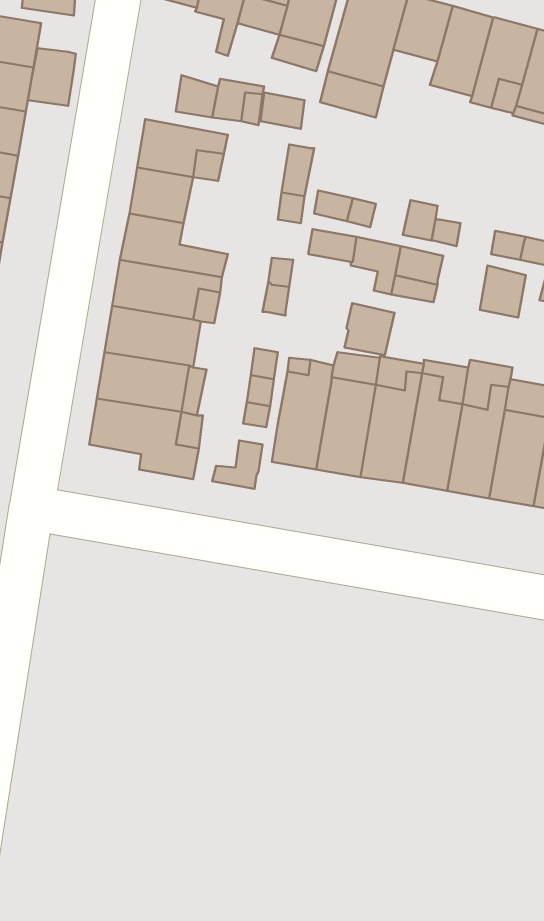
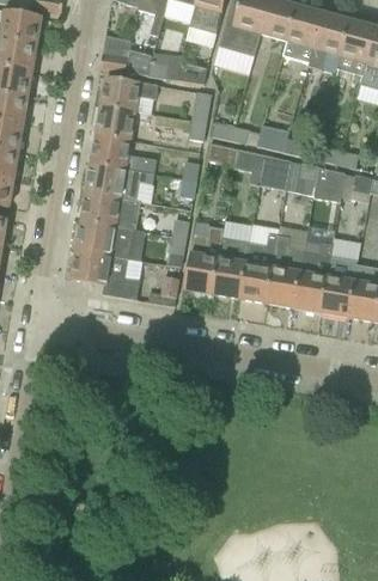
building: [28,48,76,106] -> [99,36,129,72]
building: [345,303,395,355] -> [286,161,317,194]

